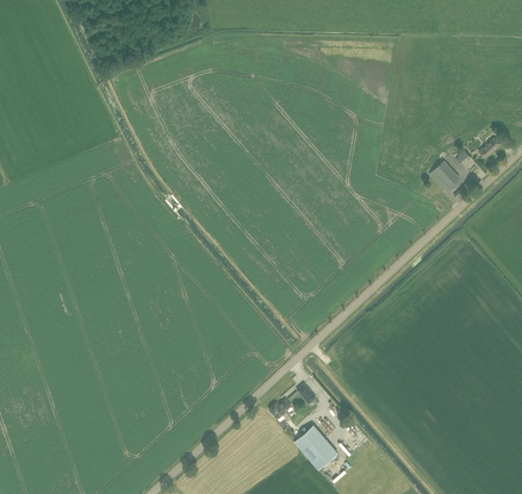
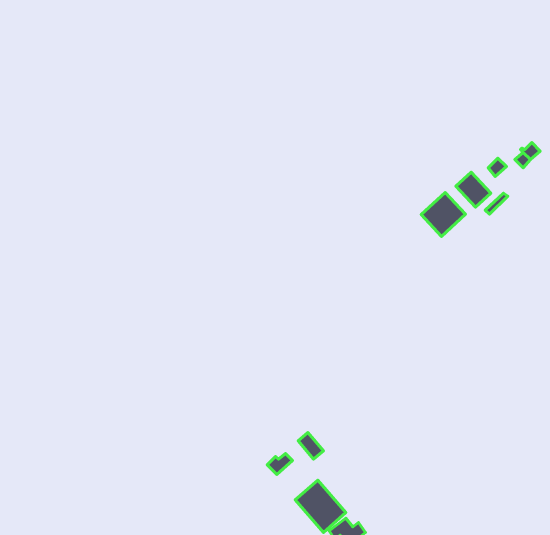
building: none -> [421,192,465,236]

